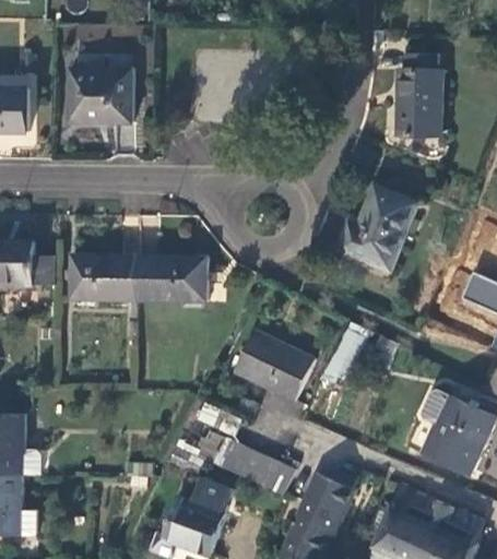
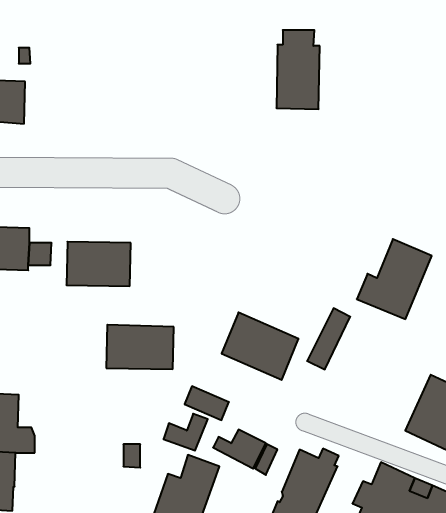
building: [397,53,441,135] -> [276,30,320,109]
building: [71,69,133,121] -> none
building: [339,185,416,267] -> [357,239,432,319]
building: [138,257,208,302] -> [106,325,174,369]

